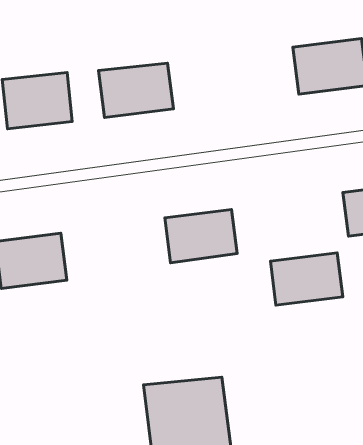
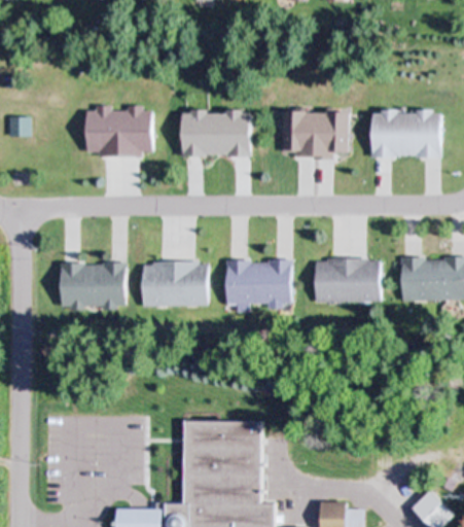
building: none -> [281,111,347,156]
building: none -> [142,262,207,308]
building: [270,253,343,305] -> [315,260,381,304]

